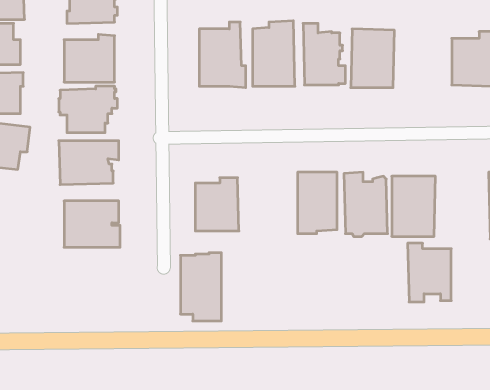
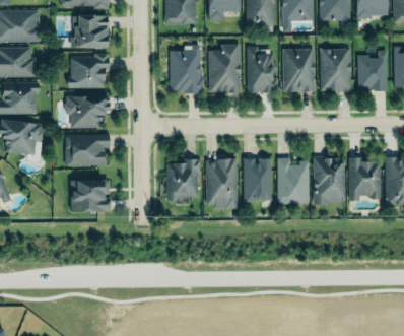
building: none -> [320,50,351,93]
building: [408,243,451,302] -> [348,157,381,201]
building: [180,253,221,321] -> [206,157,237,208]

